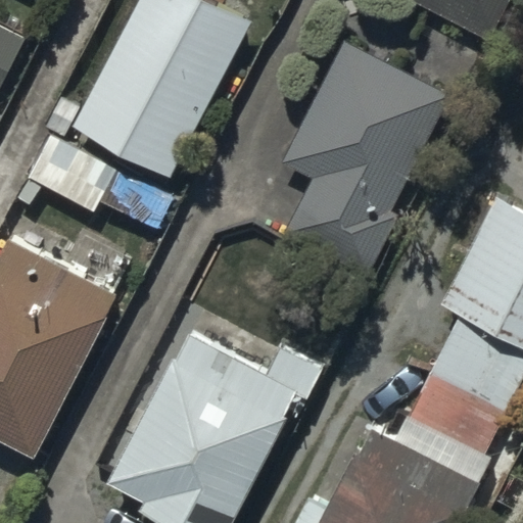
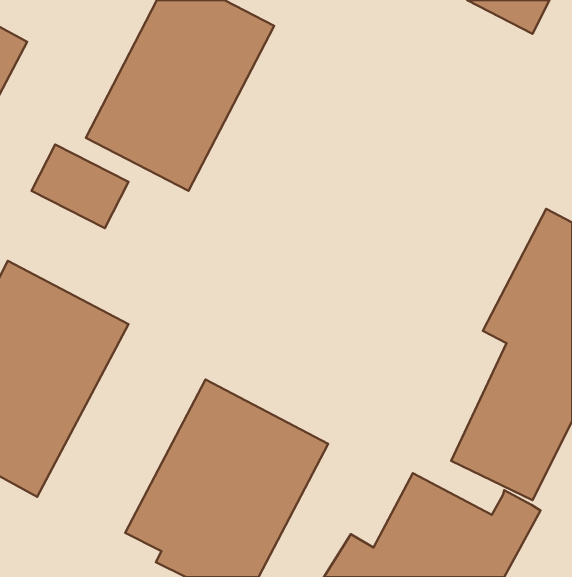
building: [283,44,449,274] -> none

